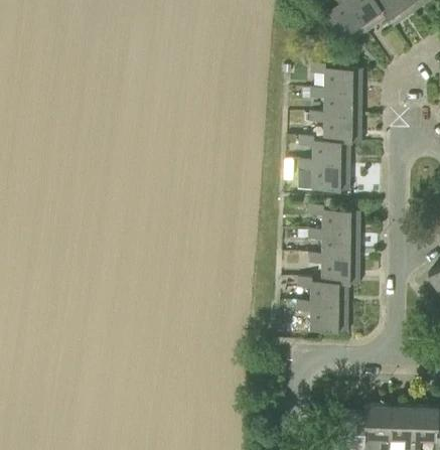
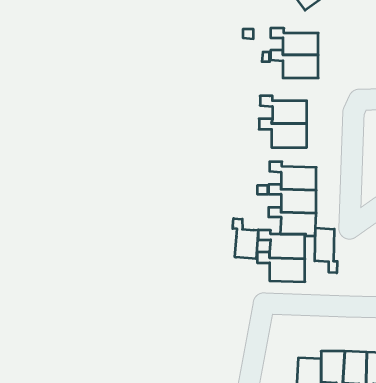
building: [309,111,360,141] -> none
building: none -> [233,218,258,259]
building: none -> [315,228,337,273]

